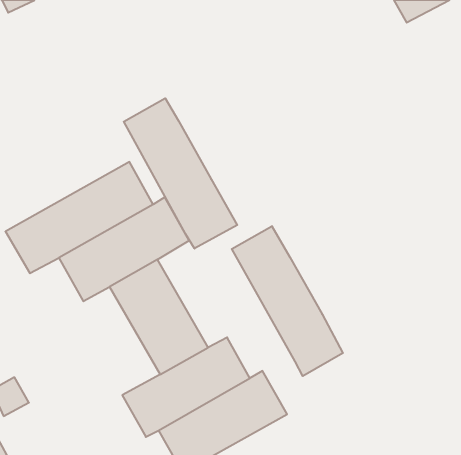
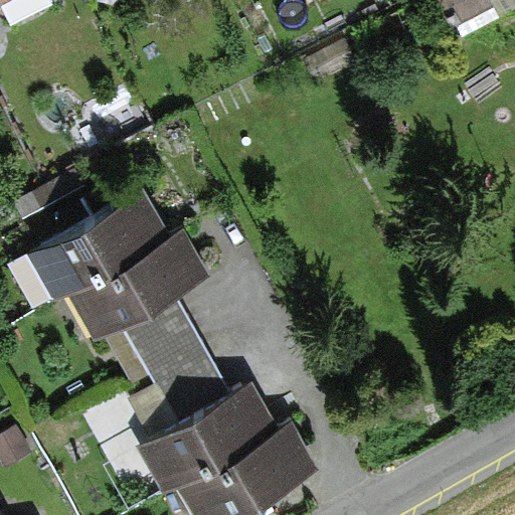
building: [124,98,237,249] -> none
building: [232,226,343,376] -> none

